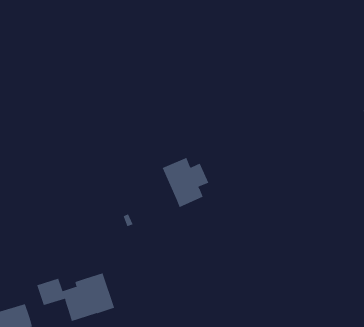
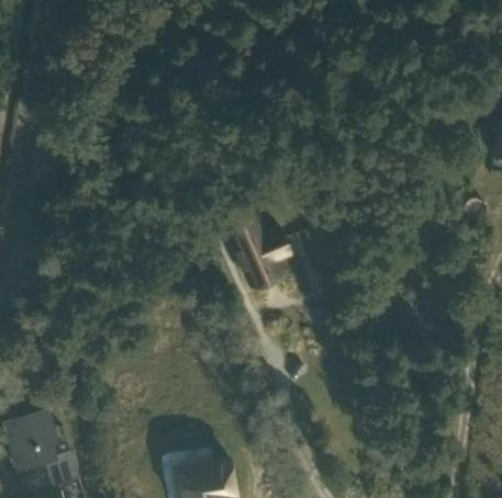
building: [36,272,115,322] -> none

